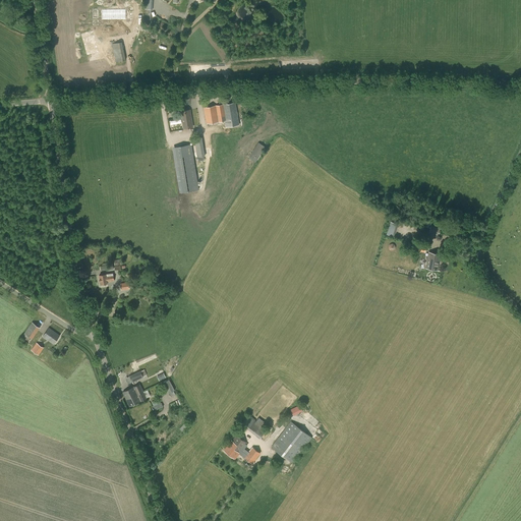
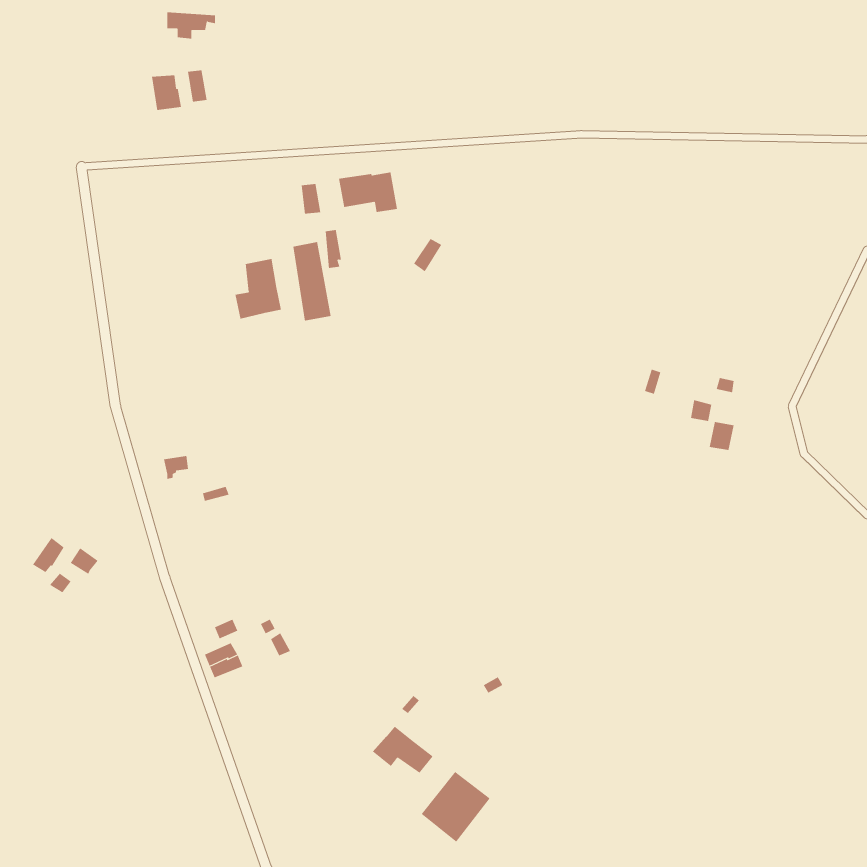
building: none -> [235,258,281,319]
building: [270,422,311,465] -> [421,771,491,843]

